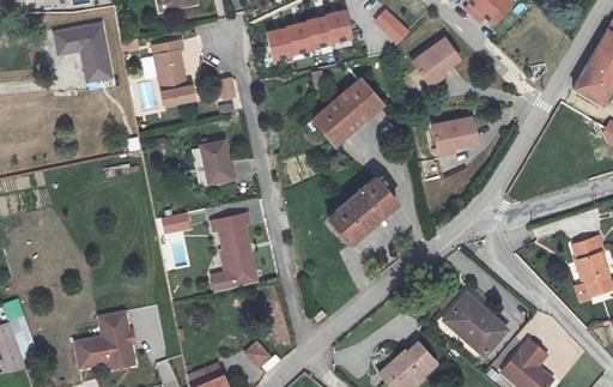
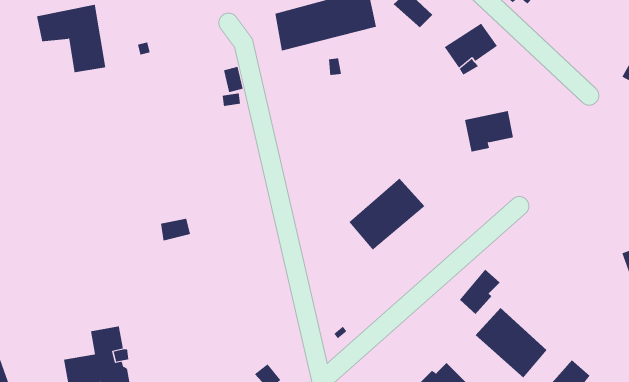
building: [154,41,195,107] -> none
building: [310,75,381,144] -> none
building: [204,141,236,186] -> none
building: [211,214,257,291] -> none
building: none -> [459,269,501,315]

